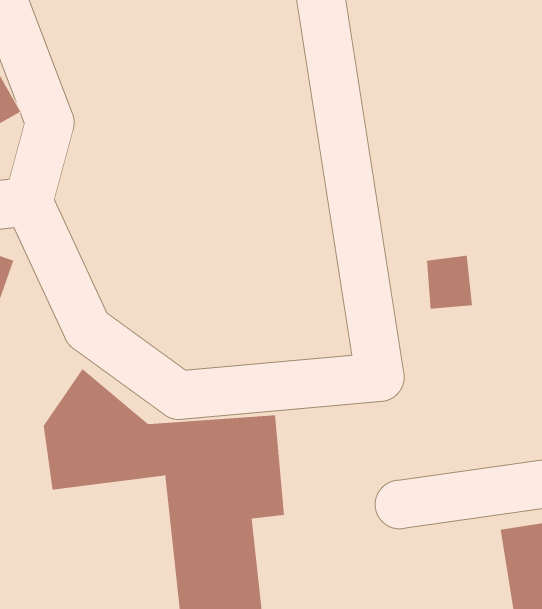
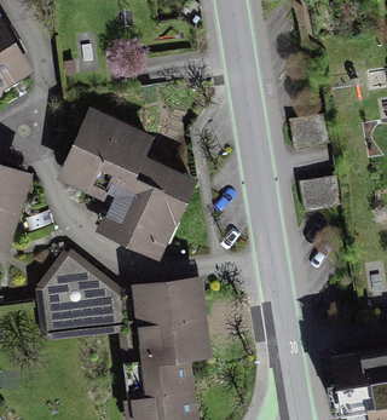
building: none -> [64,113,191,252]

